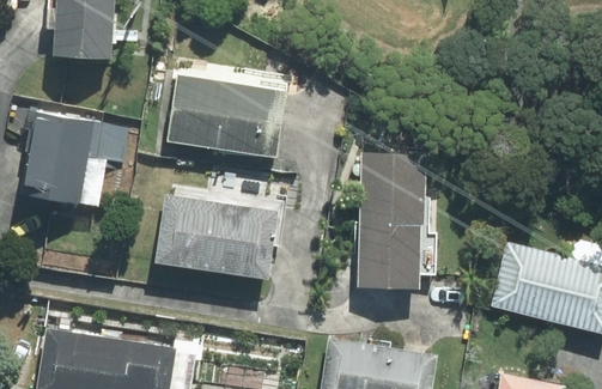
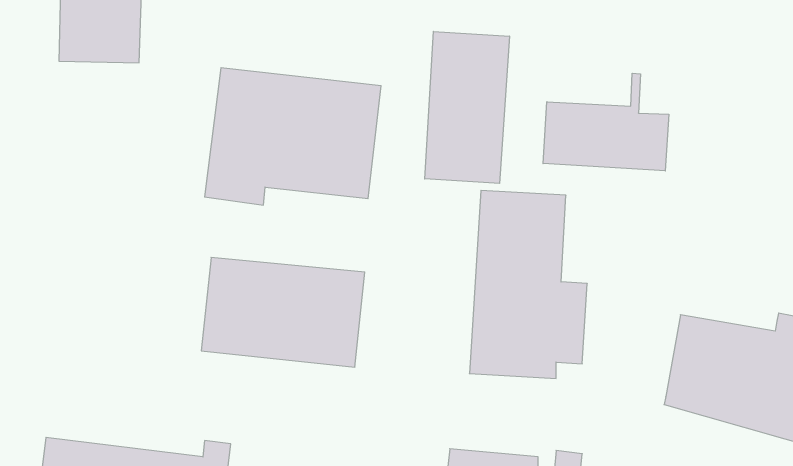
building: none -> [425,31,509,183]
building: none -> [543,73,669,171]
building: [17,110,105,208] -> none

